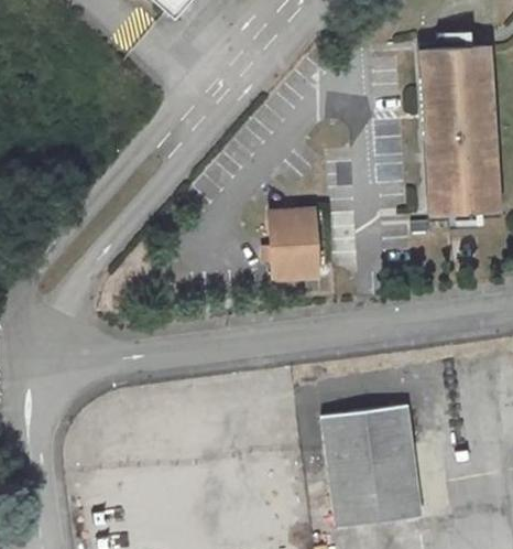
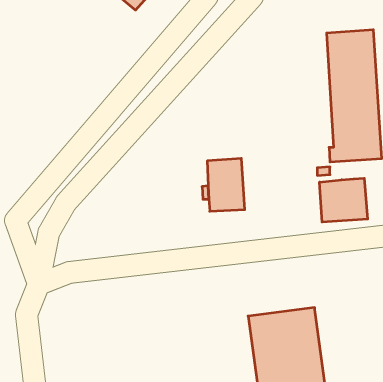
building: none -> [320,178,368,222]

